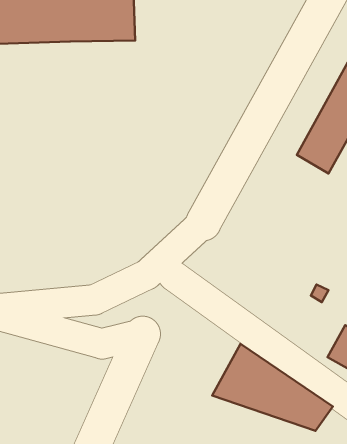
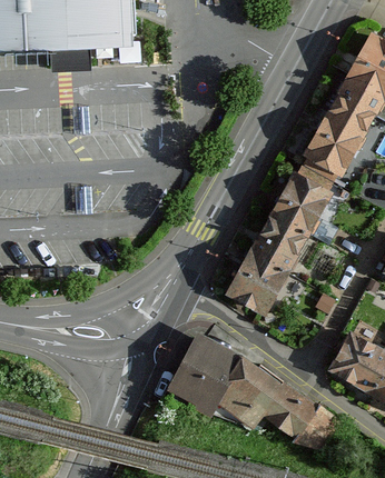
building: none -> [229,168,330,310]
building: none -> [168,328,244,407]

